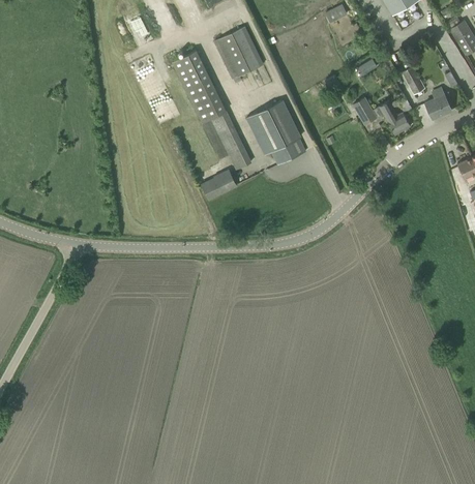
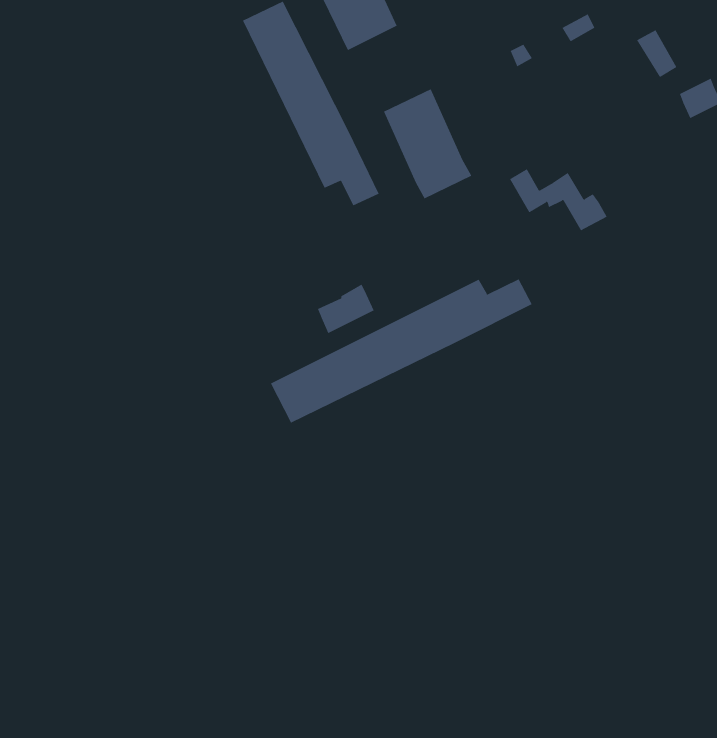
building: [353,97,410,133] -> [509,169,607,231]
building: [202,170,235,199] -> [317,284,374,334]
building: none -> [270,279,532,423]

